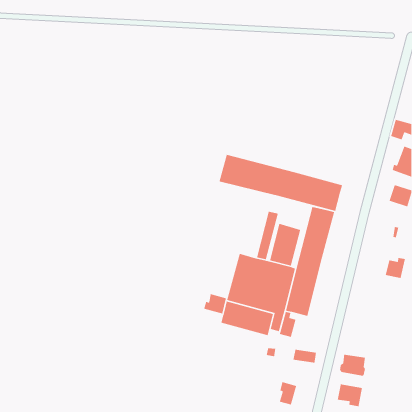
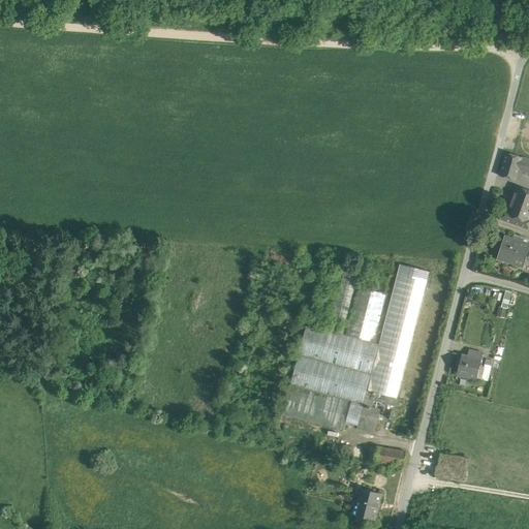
building: [218,154,343,212] -> none
building: [385,257,406,279] -> [456,350,483,378]
building: [203,293,227,314] -> none
building: [337,384,363,407] -> none

